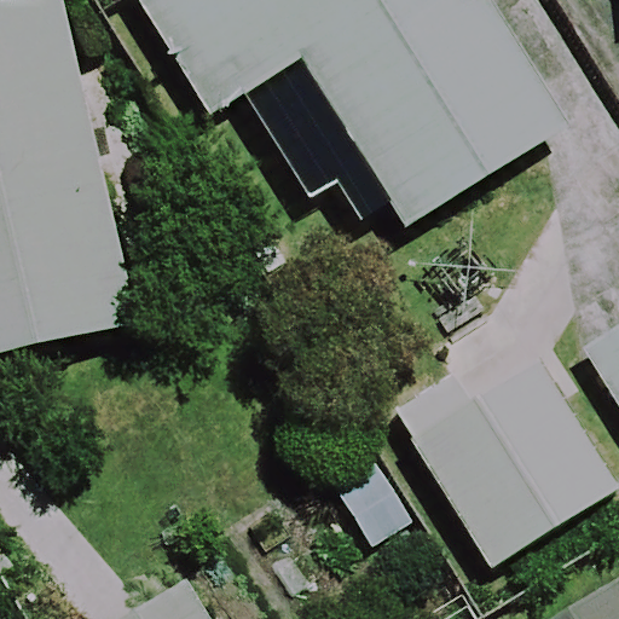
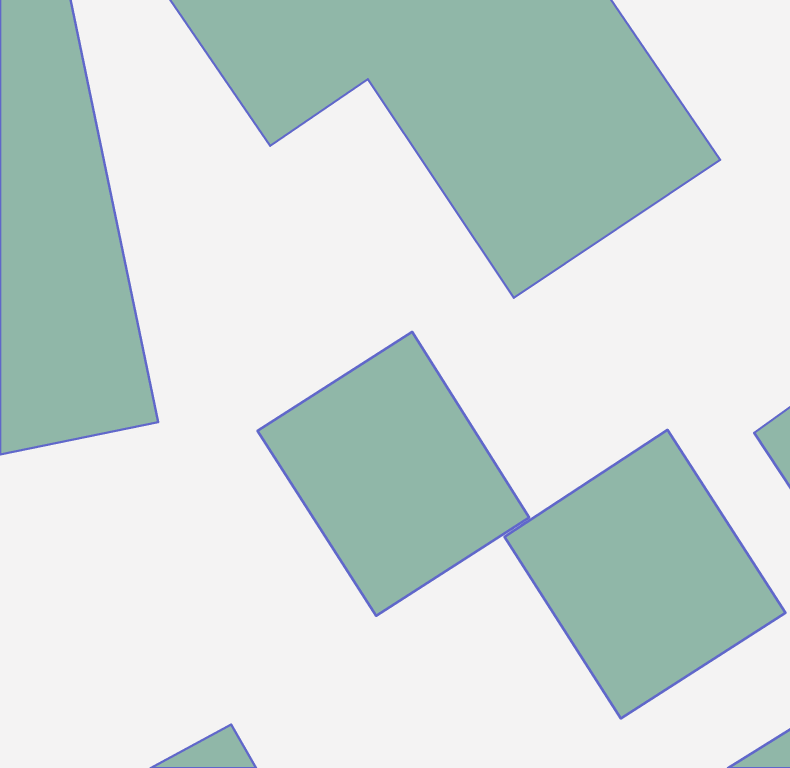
building: none -> [257,332,529,616]

